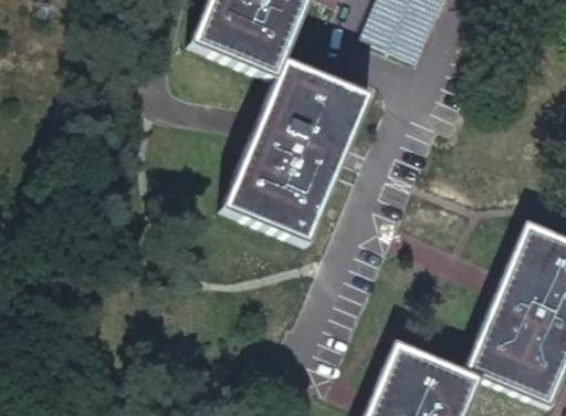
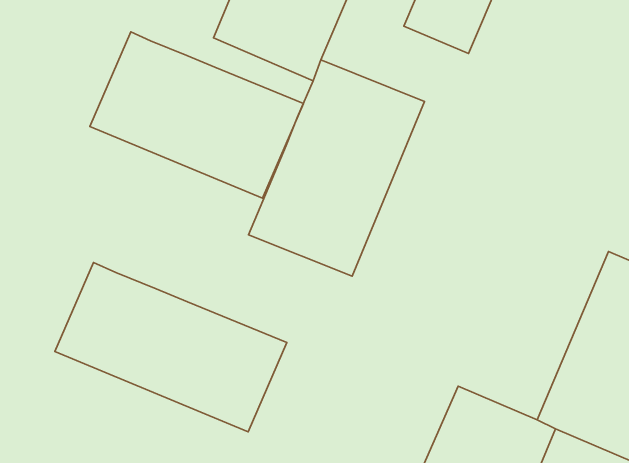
building: none -> [90,32,303,198]
building: none -> [55,262,287,432]

